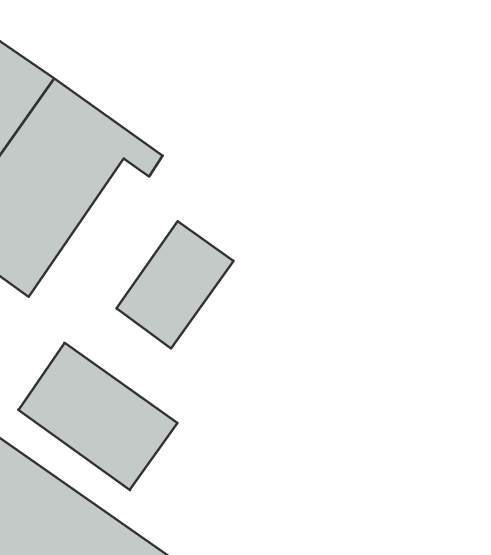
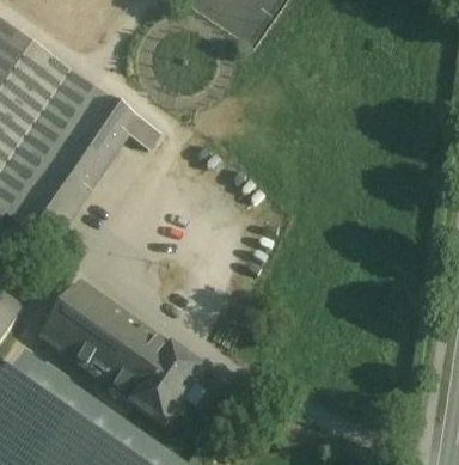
building: [117,221,233,348] -> none
building: none -> [129,343,204,426]

